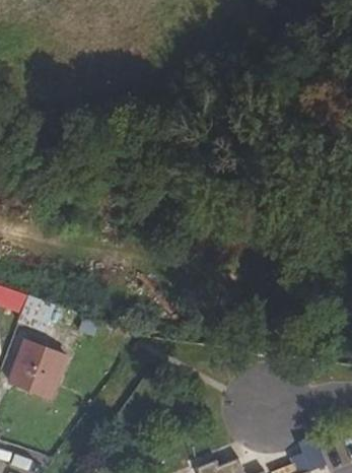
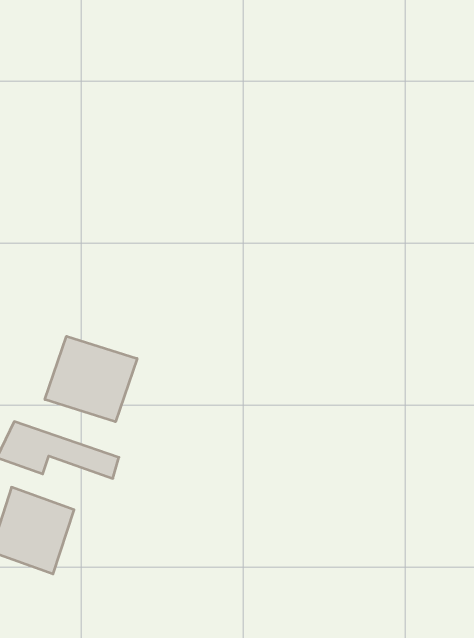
building: none -> [45,336,137,422]

